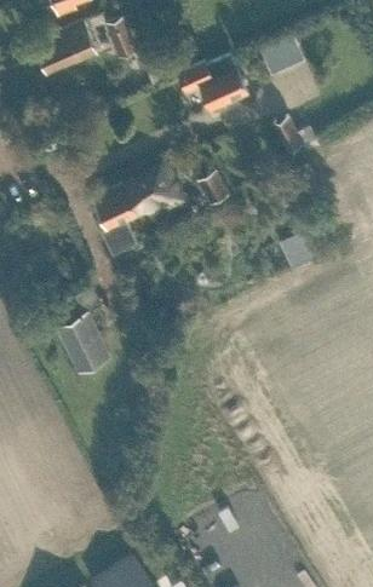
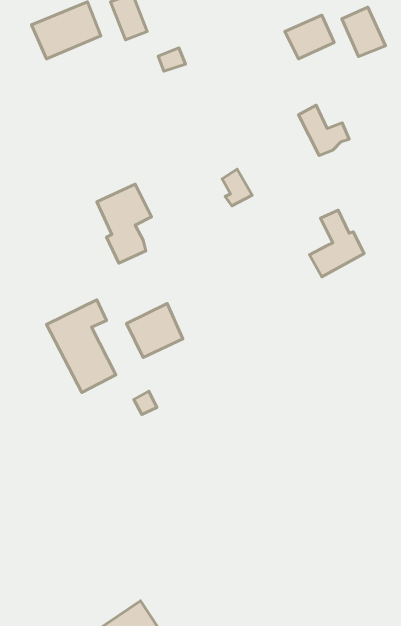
building: none -> [342,7,385,57]
building: [179,57,247,111] -> none
building: [127,167,185,215] -> none
building: none -> [127,304,183,358]

